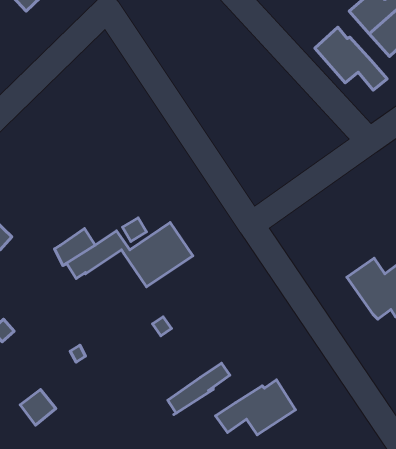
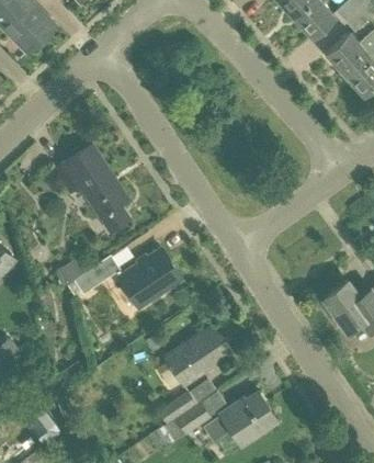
building: [315,27,387,90] -> none
building: none -> [55,145,133,235]
building: none -> [166,325,233,384]
building: none -> [165,391,228,440]

